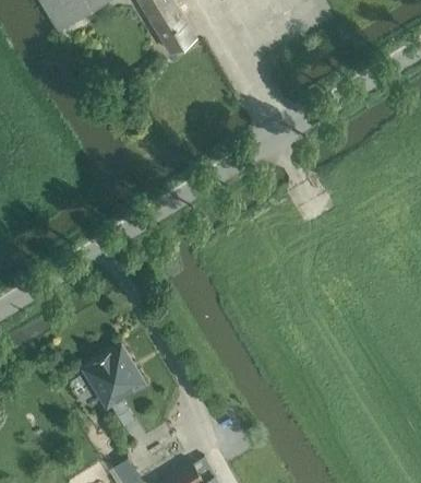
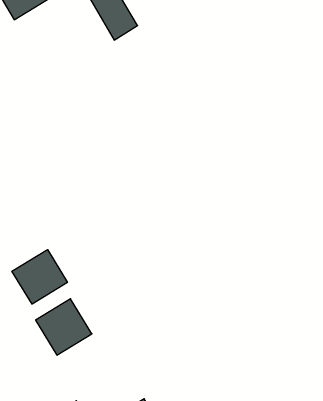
building: none -> [12,250,67,304]

